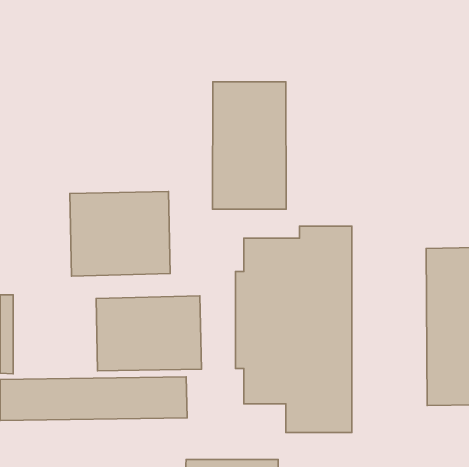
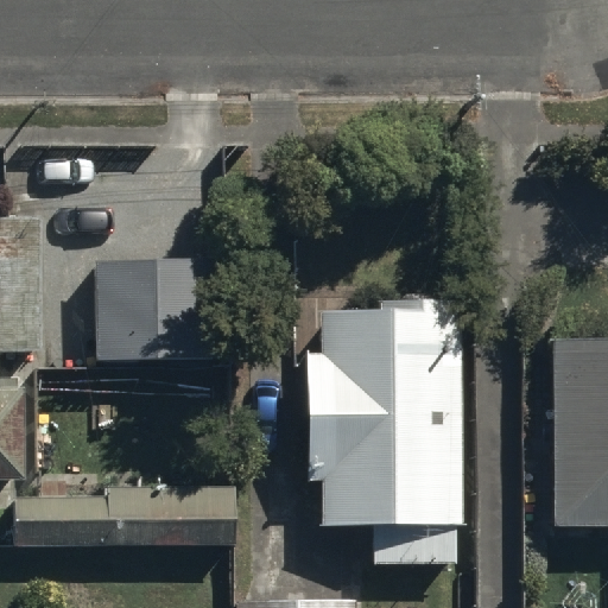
building: [212,82,286,209] -> none
building: [96,296,202,371] -> none

